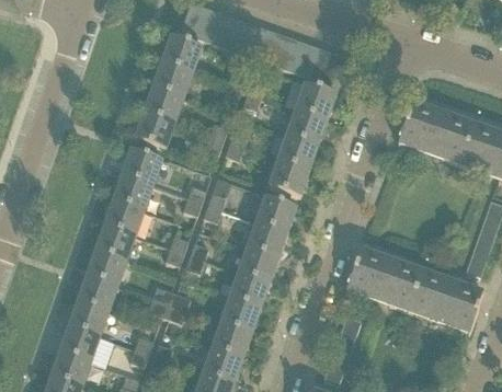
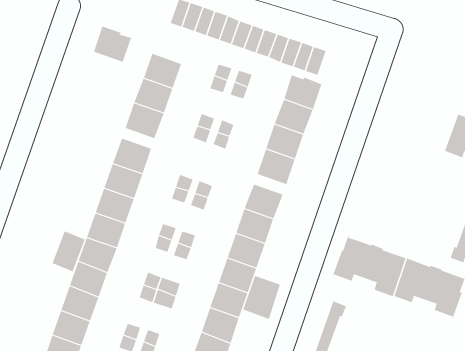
building: [162,35,202,72] -> [93,26,132,62]
building: [398,100,476,163] -> none
building: none -> [52,231,86,272]
building: none -> [242,275,281,320]

